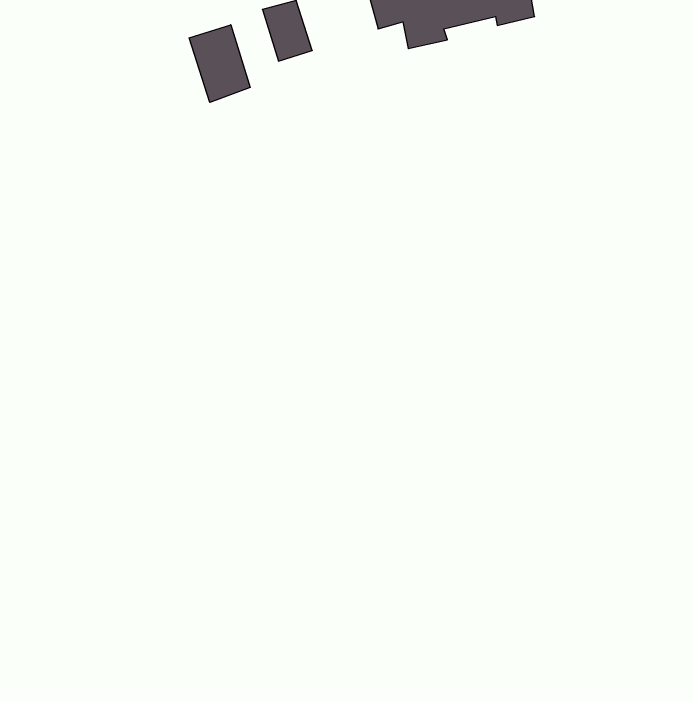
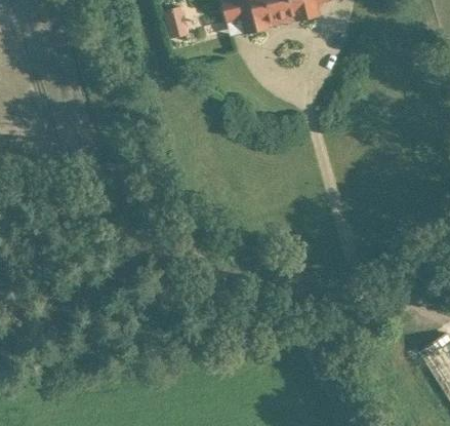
building: [189,25,250,102] -> none

